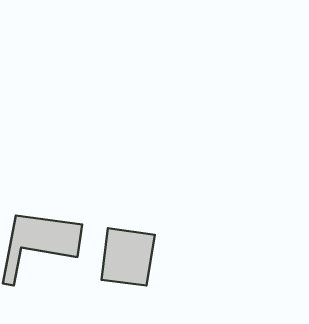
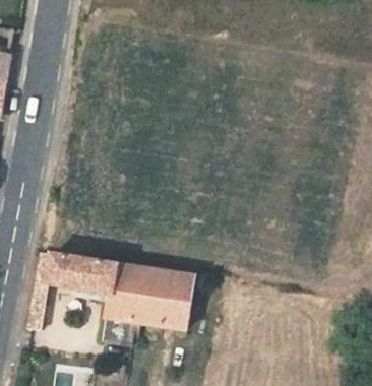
building: none -> [103,261,143,346]

